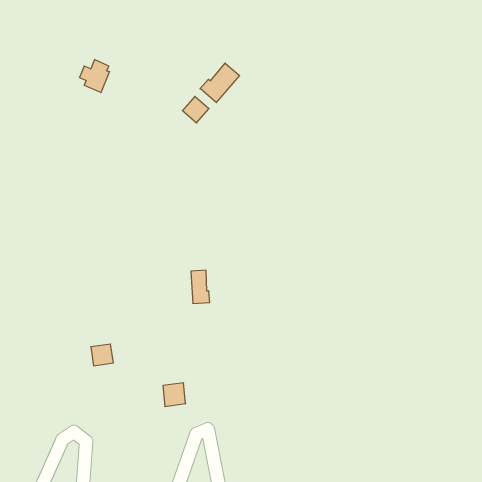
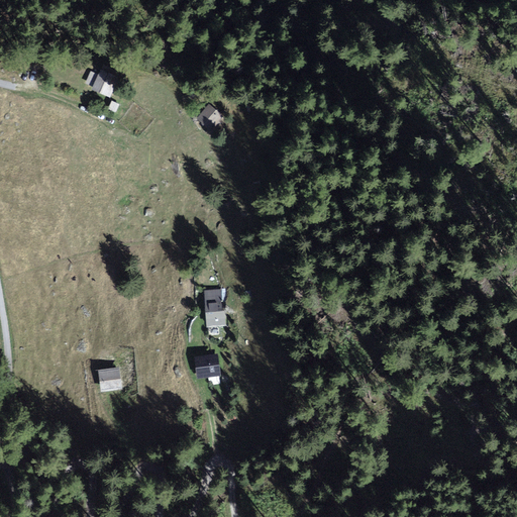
building: [200,63,240,103] -> none
building: [163,383,186,406] -> [195,352,219,378]

